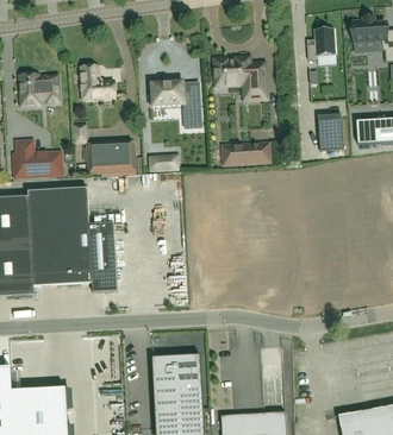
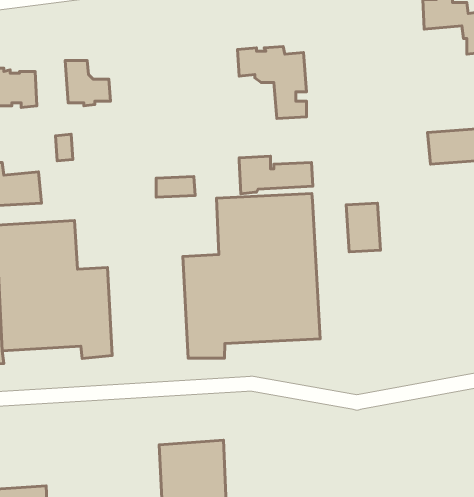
building: [306,27,335,59] -> none
building: [148,80,201,126] -> none
building: [317,113,343,150] -> [346,203,381,252]
building: [86,141,136,172] -> none
building: none -> [183,194,320,358]

